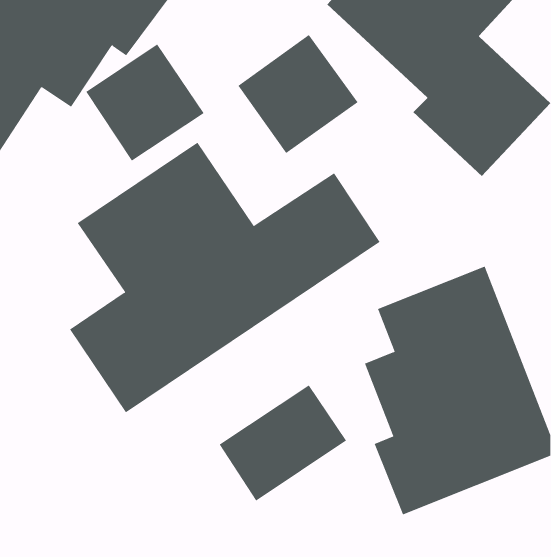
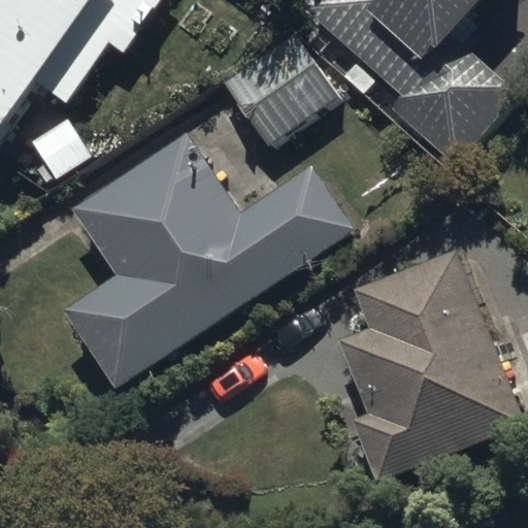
building: [86,43,204,162] -> none
building: [219,384,347,501] -> none

